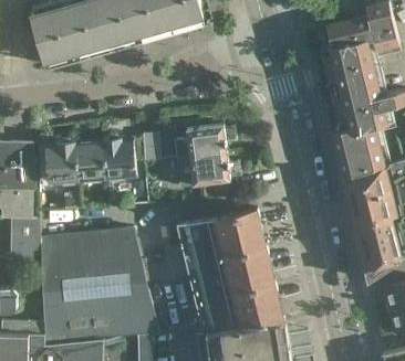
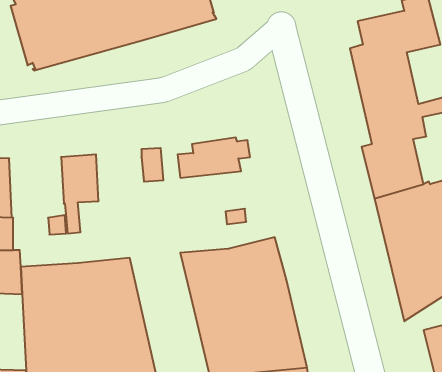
building: [104,137,136,179] -> none
building: [45,141,76,183] -> none
building: [176,153,240,187] -> none

